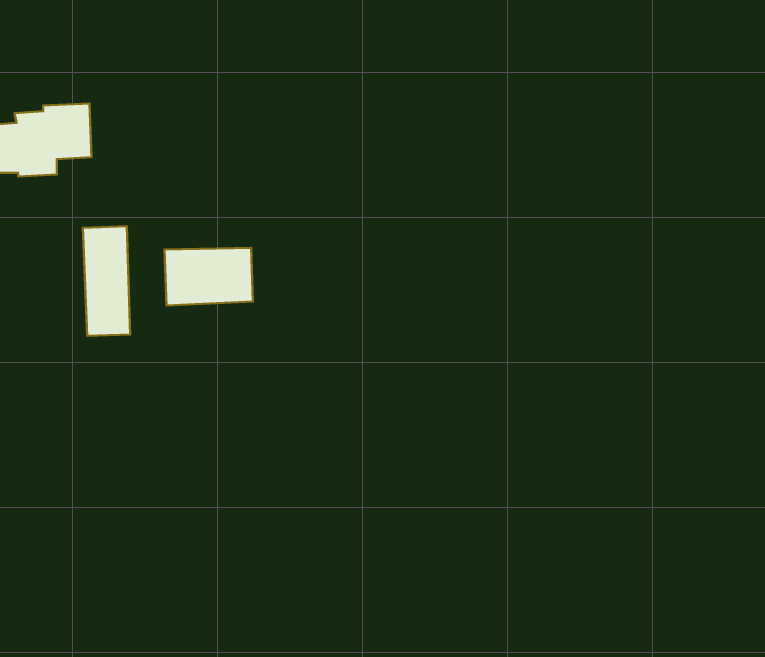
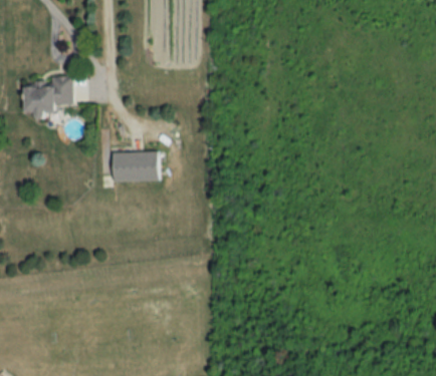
building: [83,226,130,336] -> none

